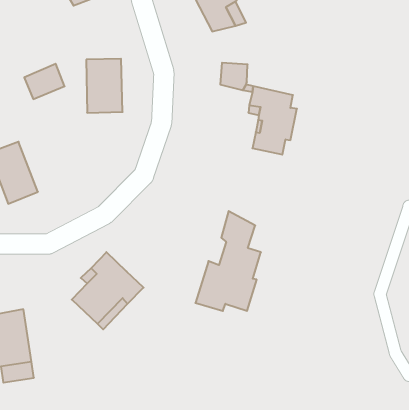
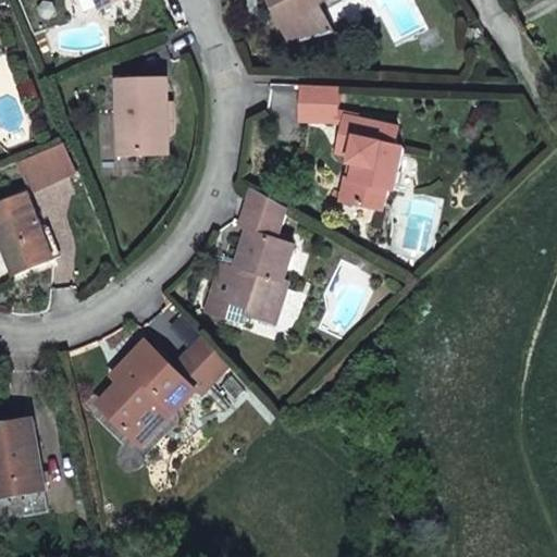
building: [24,64,65,99] -> [20,140,74,188]
building: [195,211,261,311] -> [203,188,292,323]
building: none -> [171,336,227,393]

